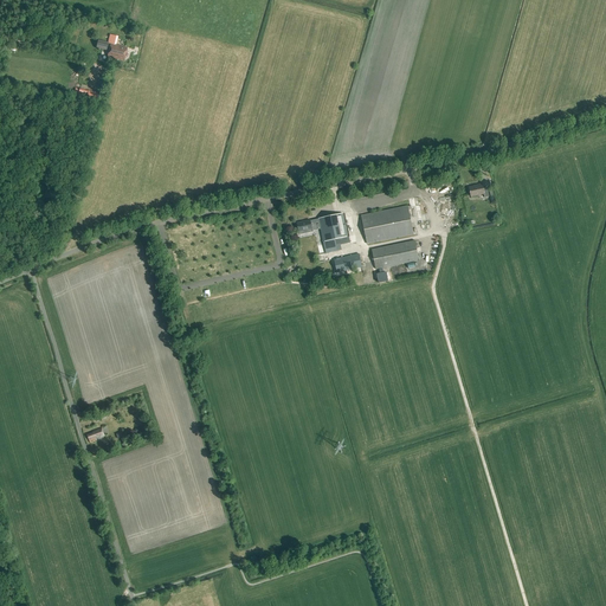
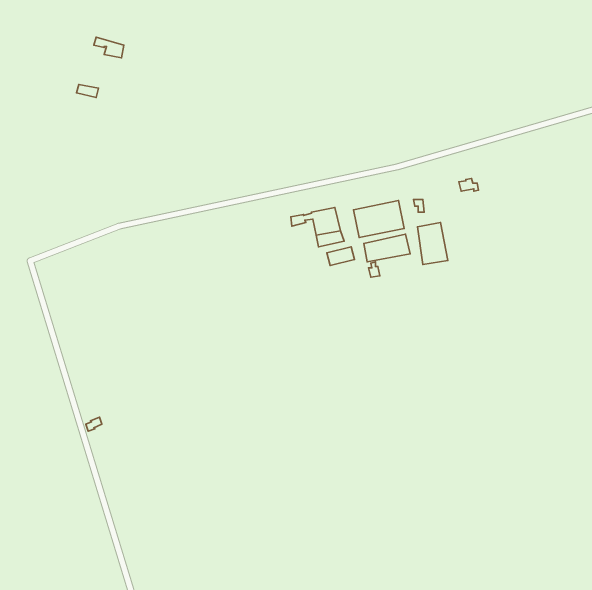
building: none -> [418,222,448,264]

